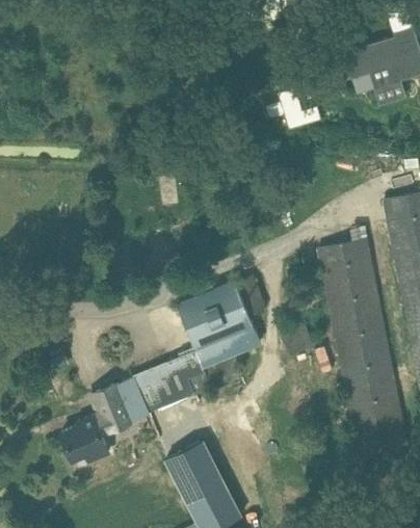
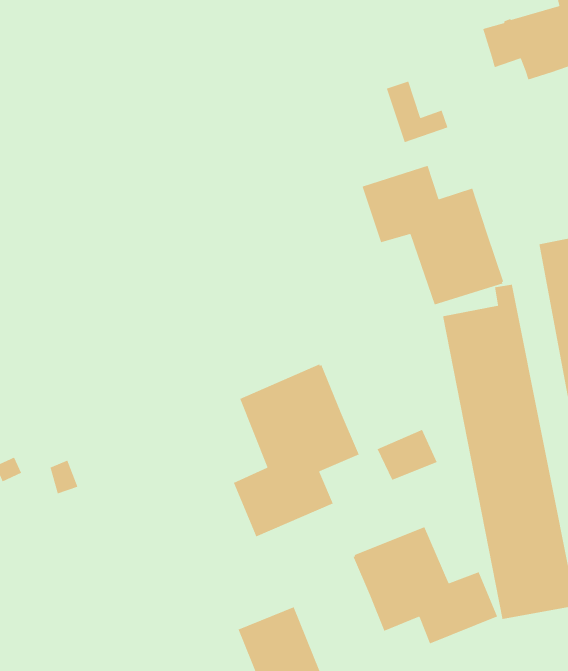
building: none -> [361,165,505,306]
building: [59,361,188,466] -> none
building: none -> [352,526,498,645]

